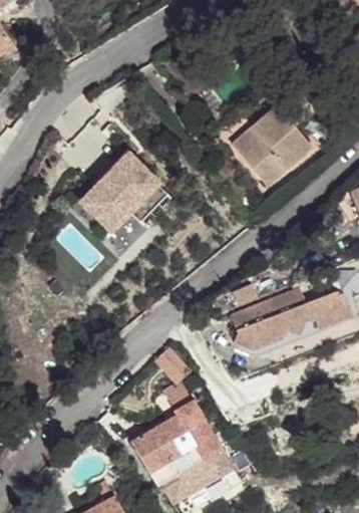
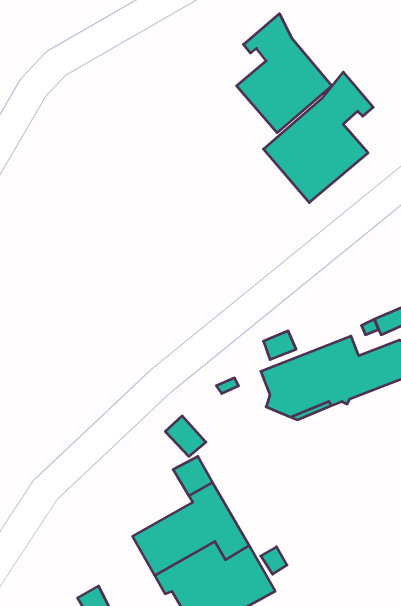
building: none -> [237,14,332,133]
building: [82,155,171,230] -> none

